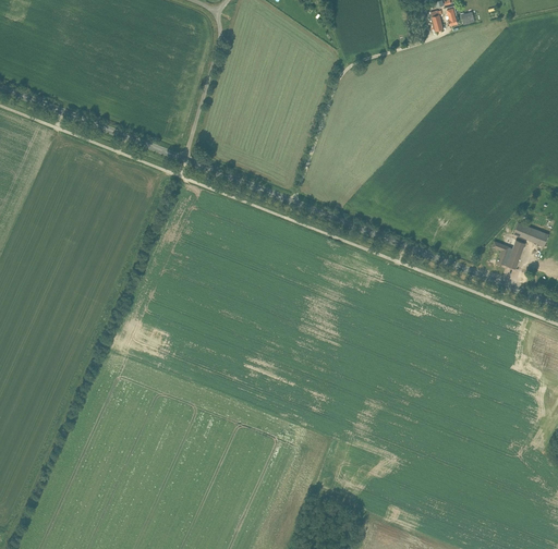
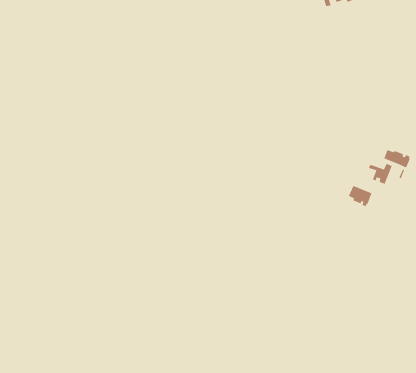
building: none -> [348,185,372,207]

